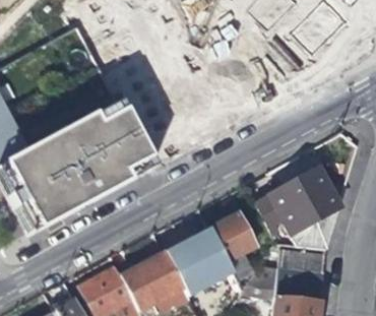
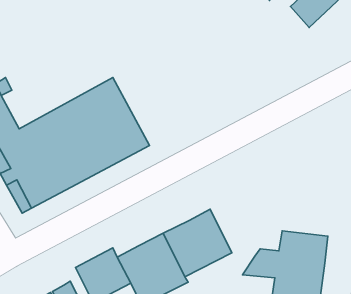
building: [256,168,332,251] -> none
building: [210,214,254,292] -> none

